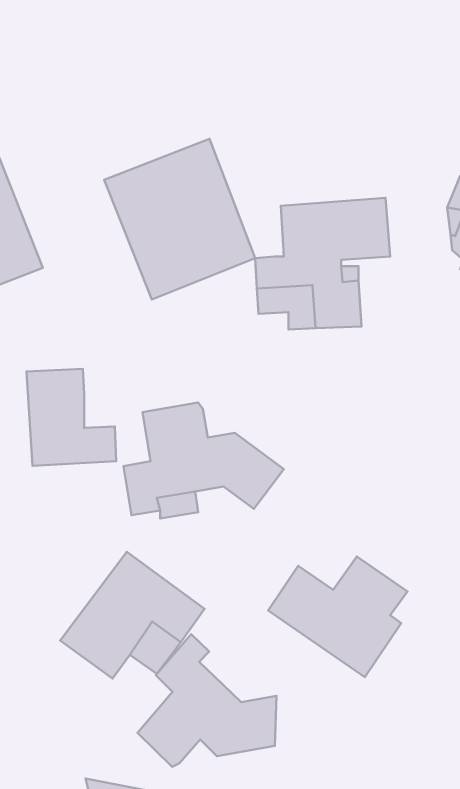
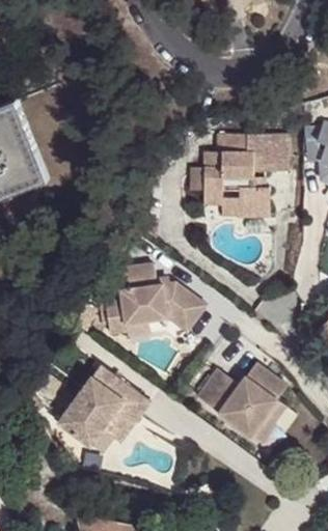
building: [104,139,255,299] -> none
building: [27,369,116,466] -> none
building: [137,634,277,767] -> none

